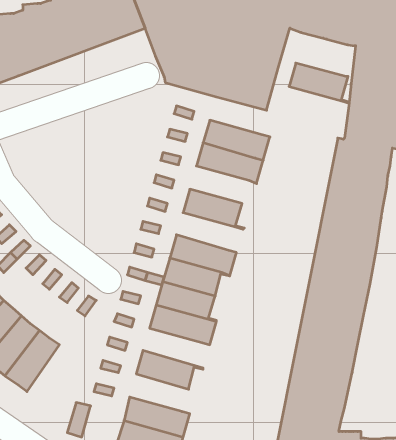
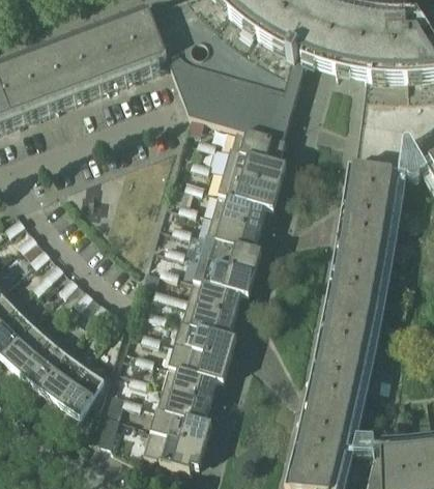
building: [289,63,349,103] -> [231,126,287,164]
building: none -> [212,191,274,226]
building: none -> [200,234,262,271]
building: none -> [169,342,231,379]
building: none -> [61,357,112,414]
building: none -> [156,384,213,422]

